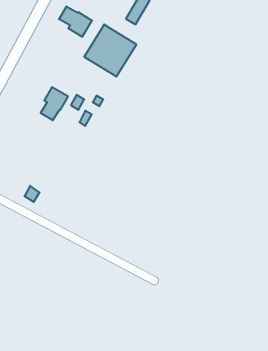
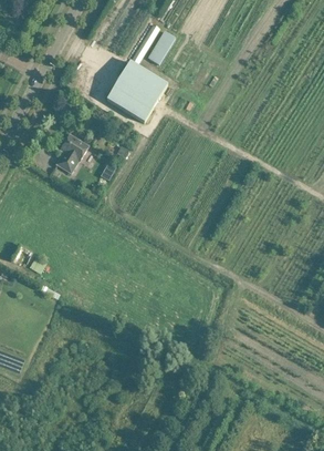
building: [59,6,92,37] -> none

